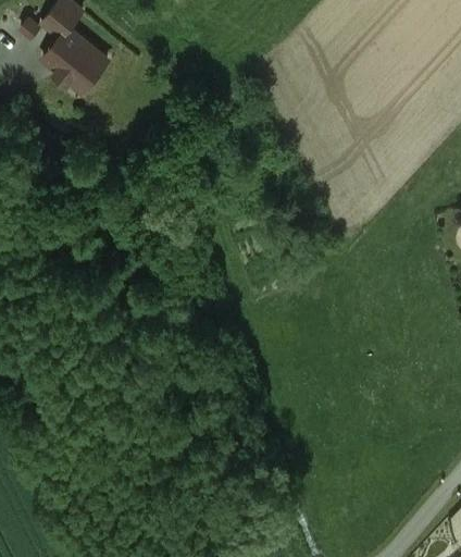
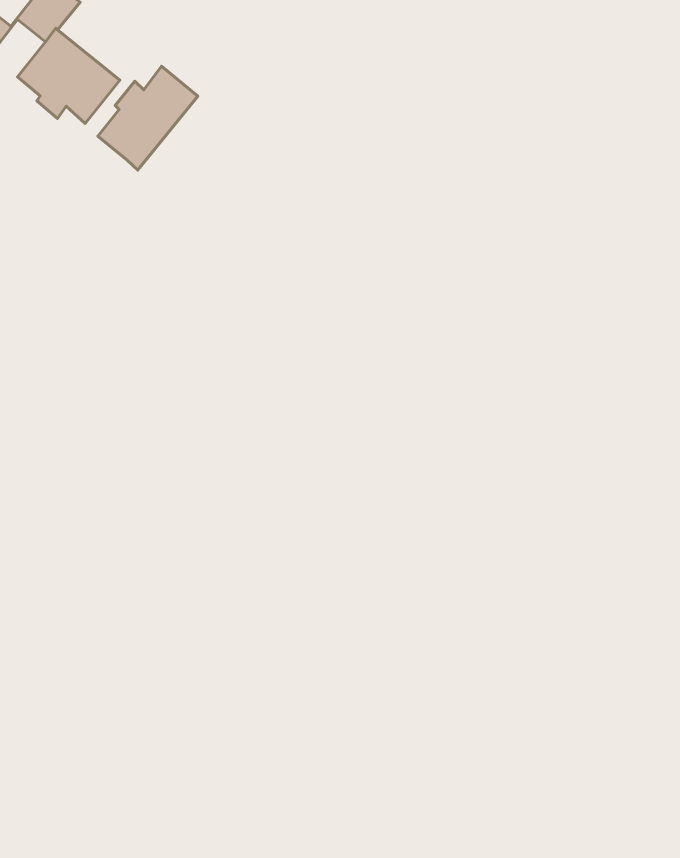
building: none -> [98,66,198,170]

